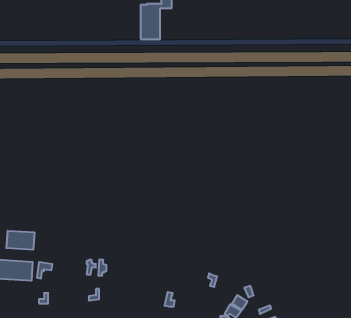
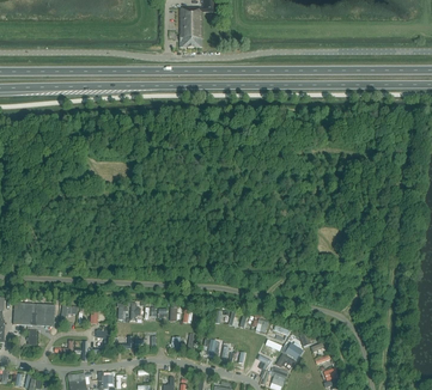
building: [7,231,34,250] -> none

